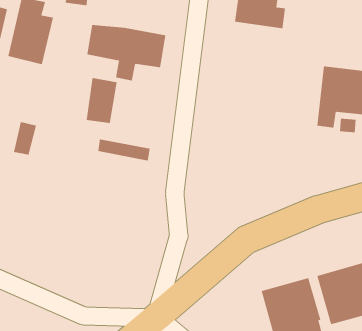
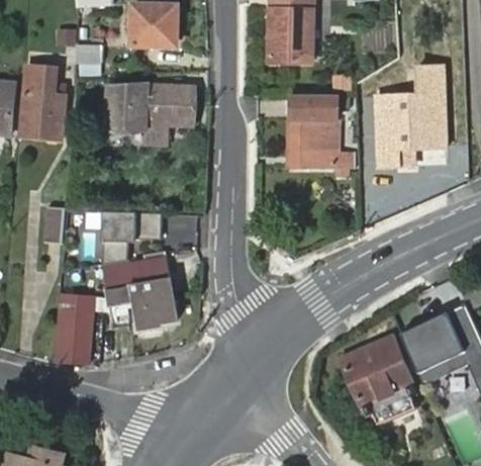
building: none -> [287,94,353,169]
building: [86,78,117,124] -> [103,212,132,261]
building: none -> [105,261,176,332]
building: none -> [55,295,93,365]

